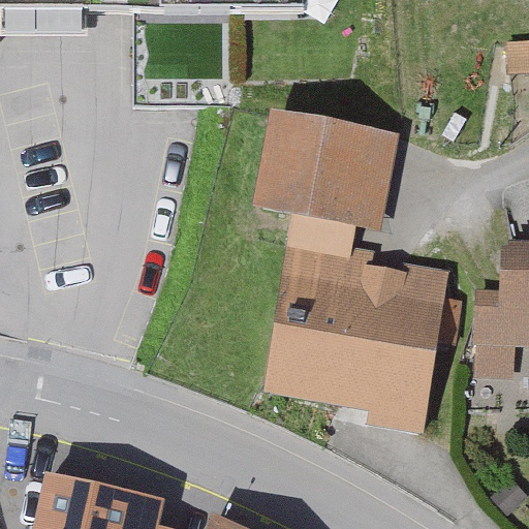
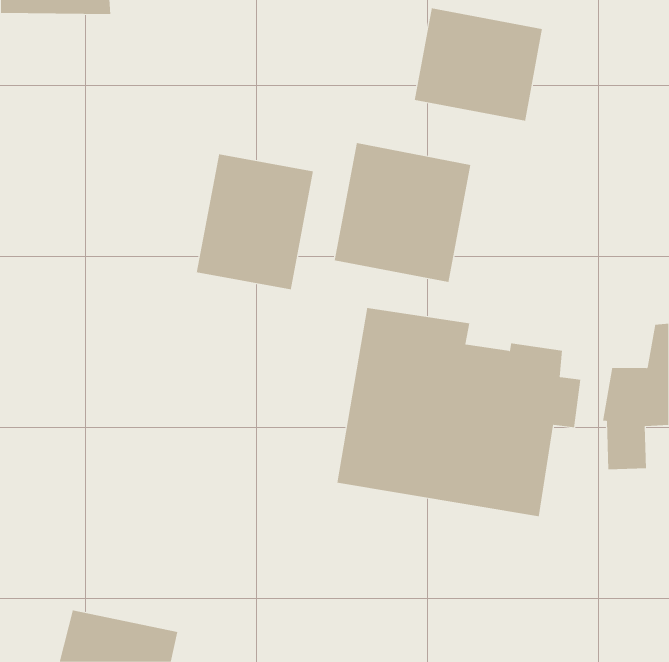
building: none -> [414,7,543,122]
building: none -> [196,154,314,290]

